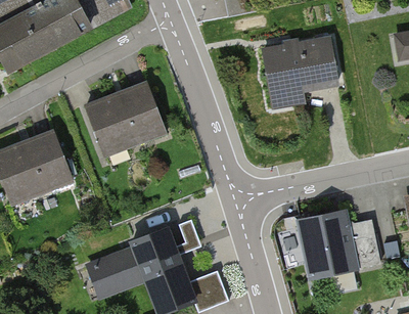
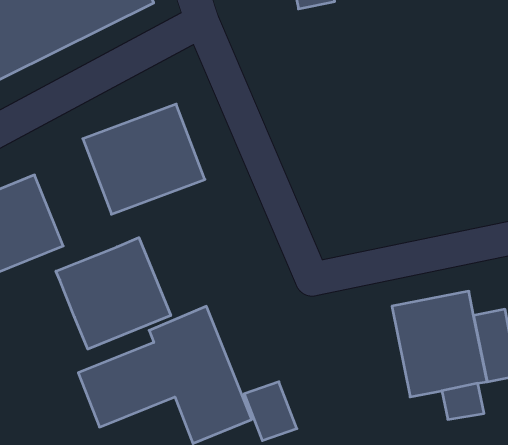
building: [264,42,340,114] -> none
building: none -> [56,238,171,349]

